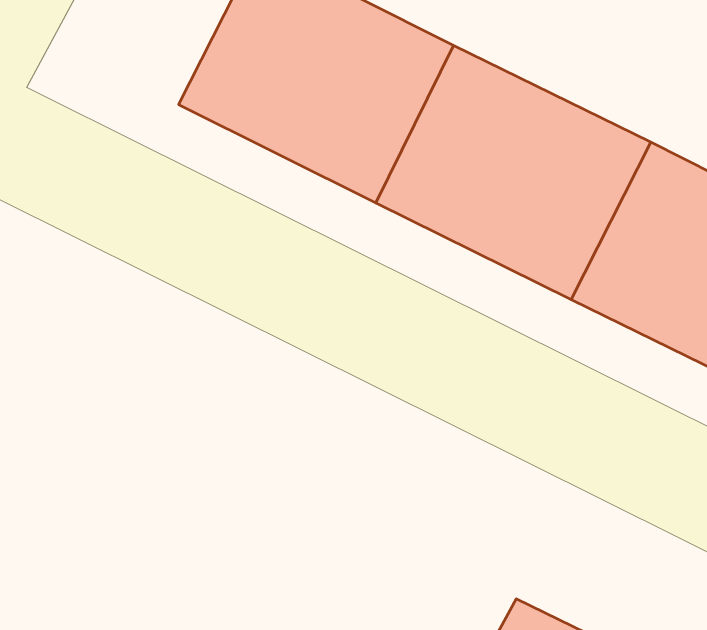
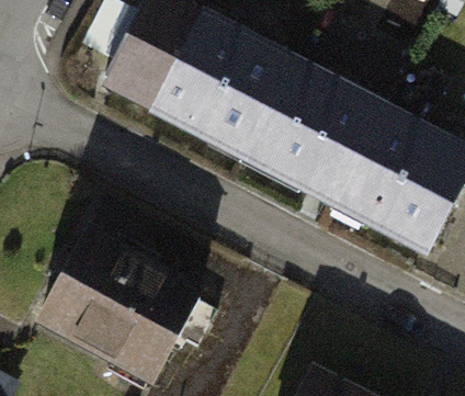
building: none -> [41,241,196,375]

